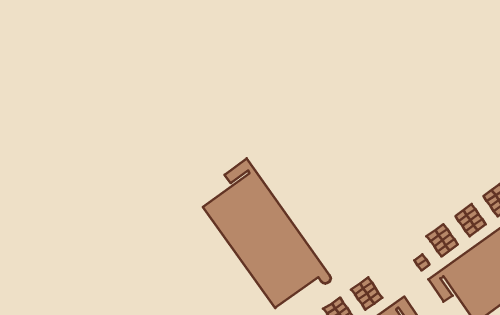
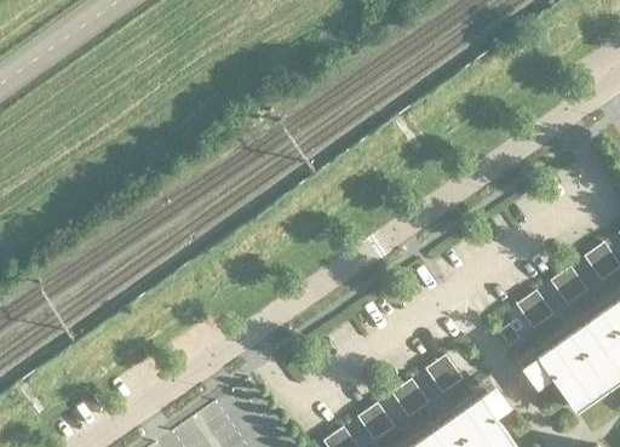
building: [203,158,331,308] -> none

